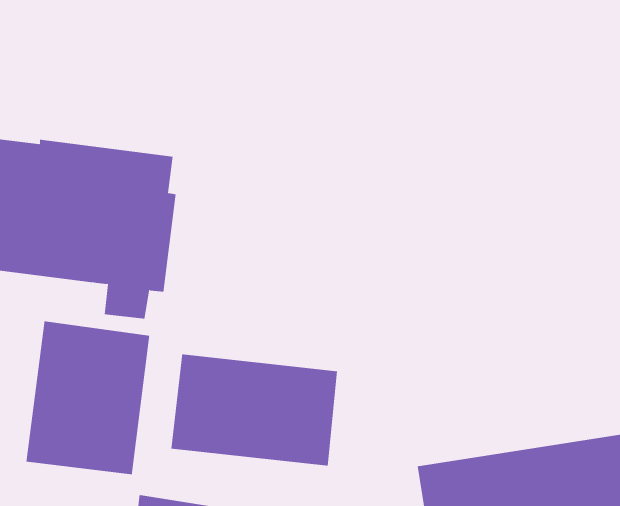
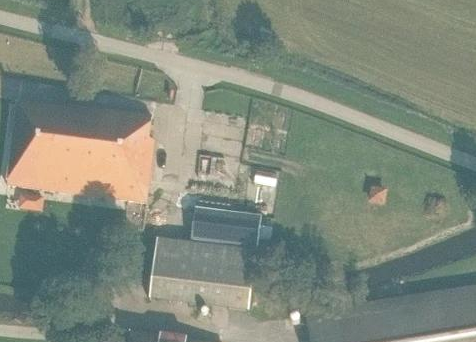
building: none -> [191,208,259,248]
building: [26,321,150,475] -> none

